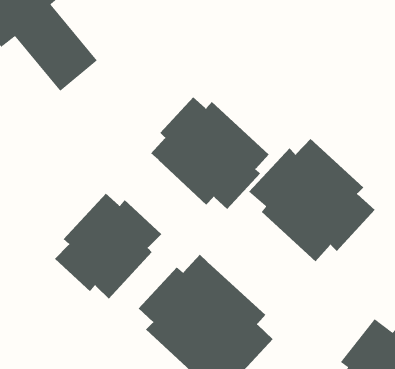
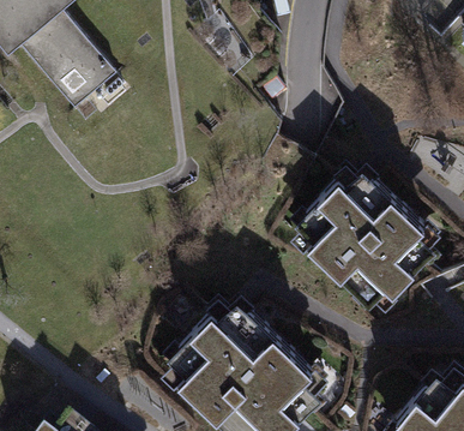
building: [150,96,269,210] -> none
building: [54,193,162,299] -> none

